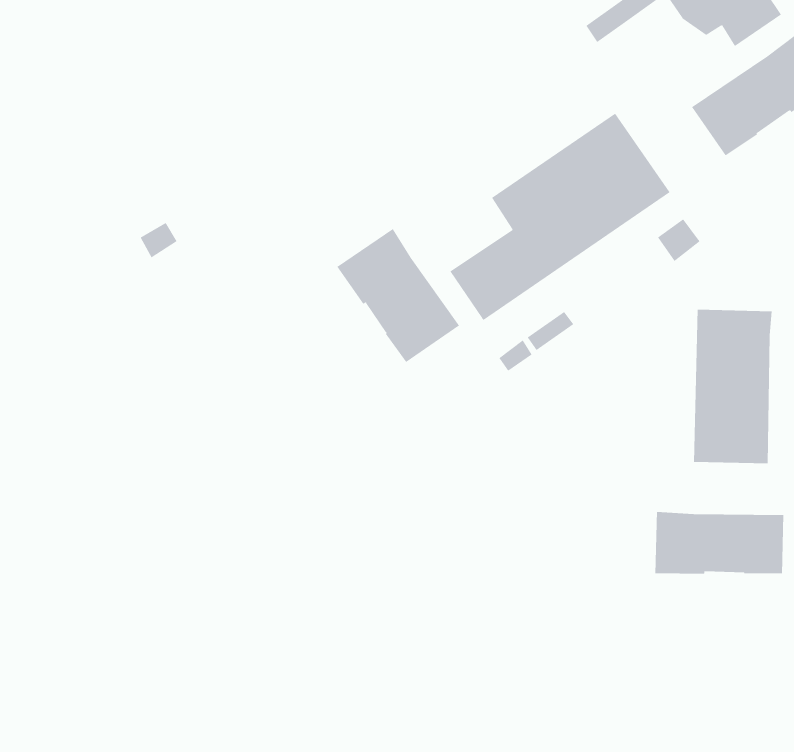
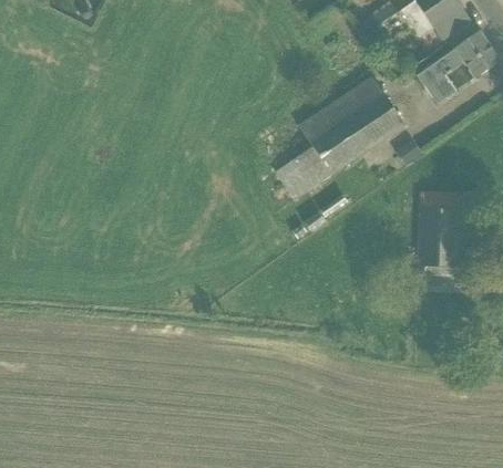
building: [336,228,460,363] -> none
building: [655,511,784,575] -> none

